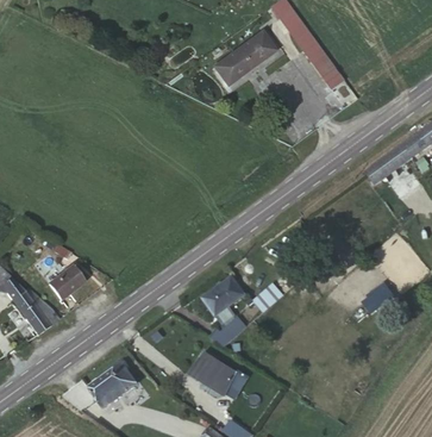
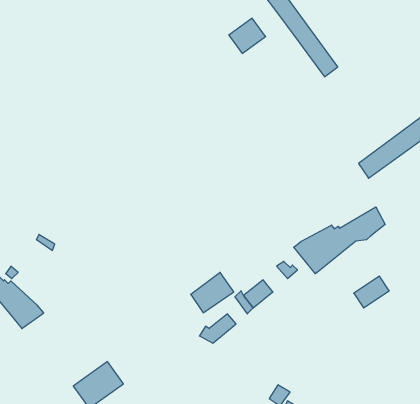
building: [217,48,252,83] -> none
building: none -> [294,207,385,274]
building: [50,264,84,298] -> none
building: [192,350,237,395] -> none

